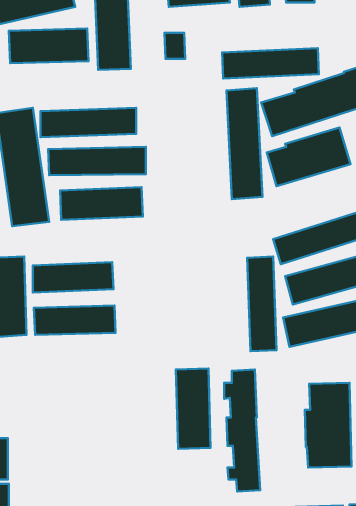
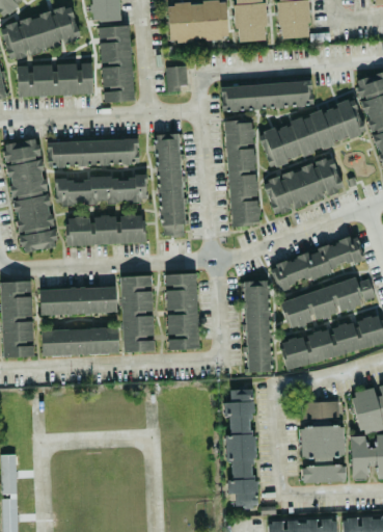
building: none -> [156,133,186,236]
building: none -> [120,275,155,351]
building: [176,368,211,449] -> [166,272,199,349]

